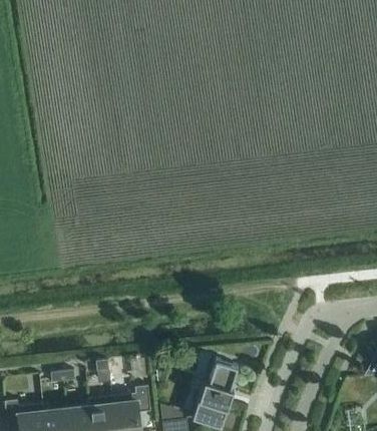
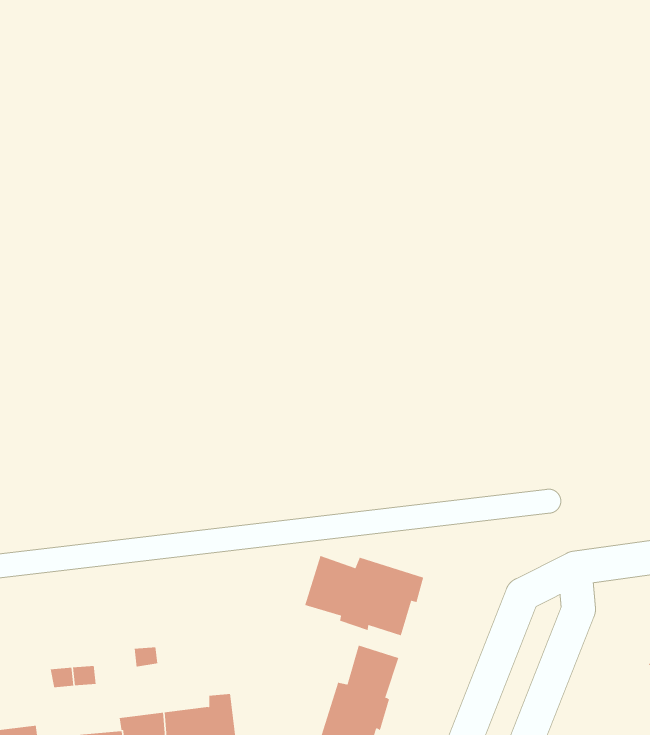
building: none -> [304,555,424,636]

